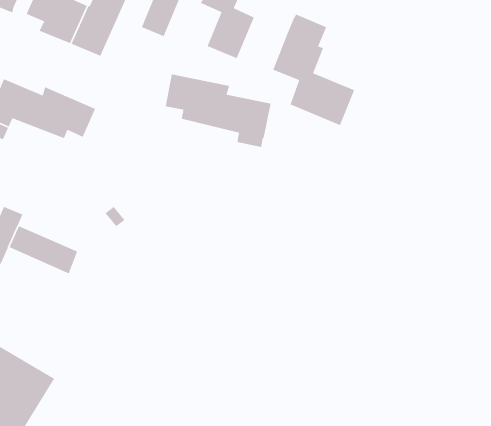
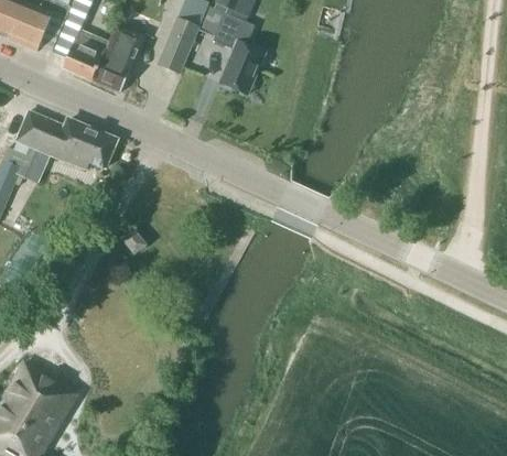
building: [272,14,355,126] -> none
building: [165,74,271,148] -> none
building: [9,225,78,274] -> none

